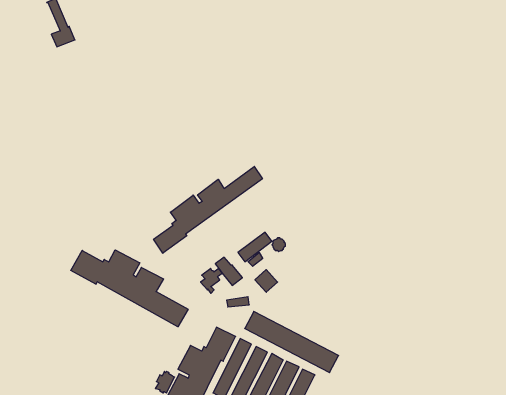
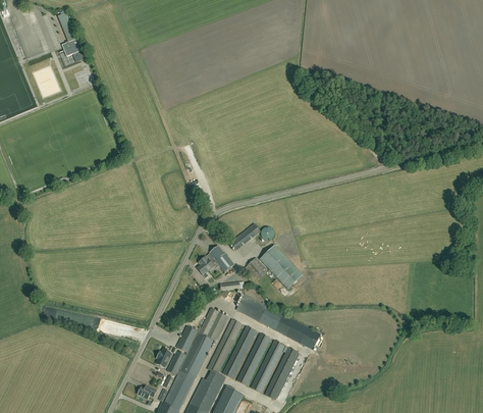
building: [154,166,262,253] -> none
building: [71,250,188,327] -> none
building: none -> [260,245,303,289]

